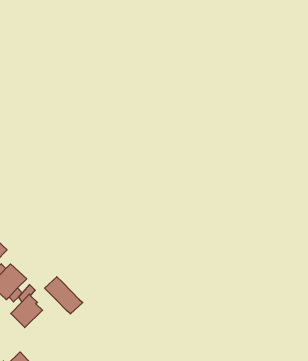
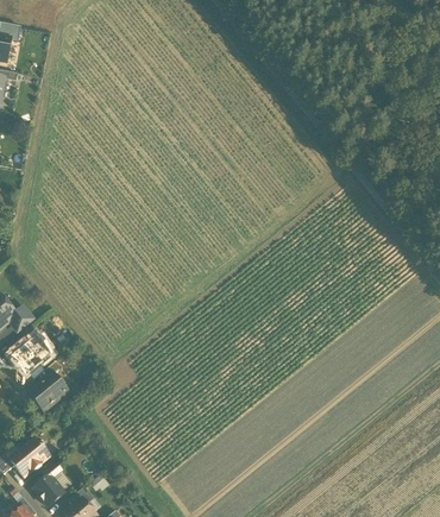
building: [45,277,83,314] -> none

